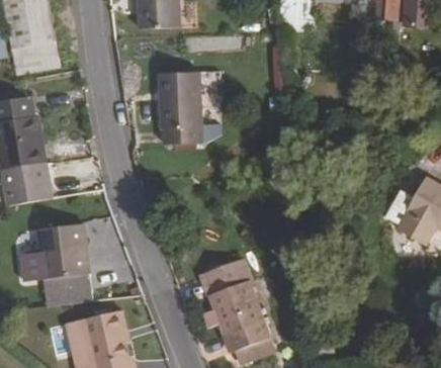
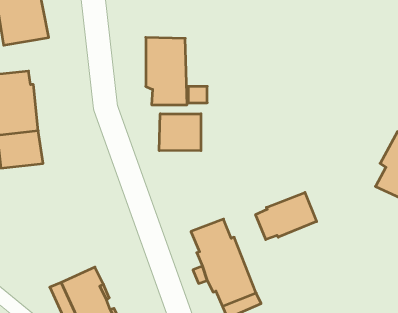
building: none -> [159,114,201,151]
building: [34,224,85,305] -> none
building: none -> [256,192,317,240]

